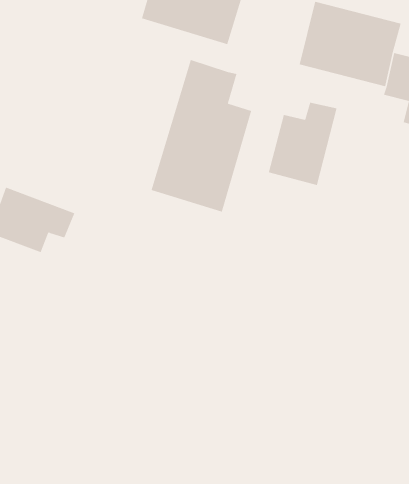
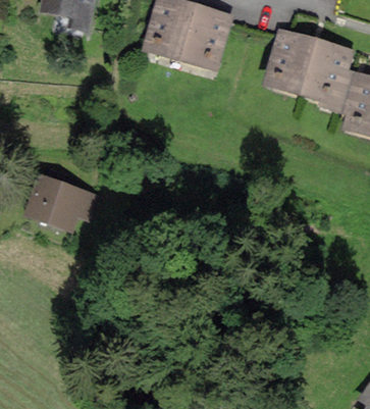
building: [151,59,252,213] -> none
building: [268,102,337,186] -> none

